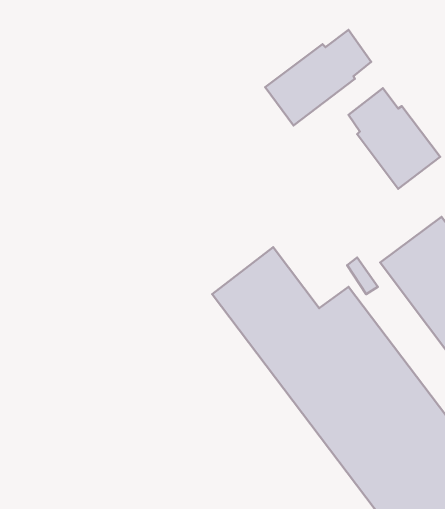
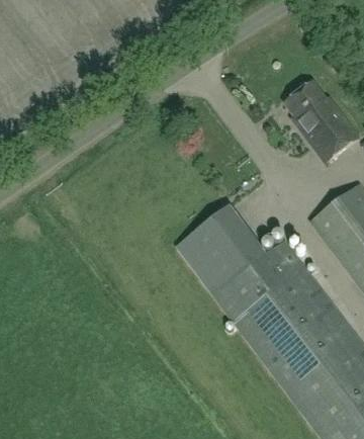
building: [265,30,371,125] -> none

